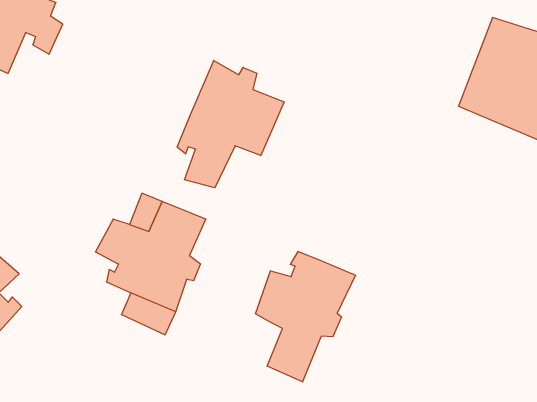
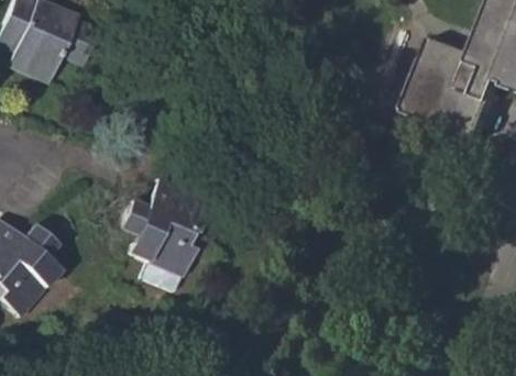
building: [177,60,284,188] -> none
building: [255,251,356,382] -> none

